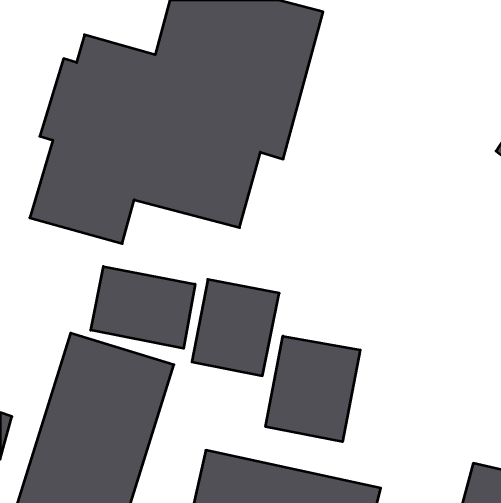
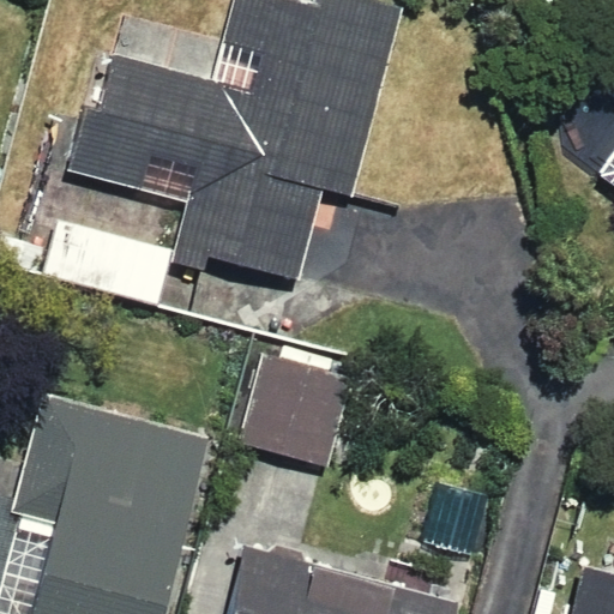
building: [91,266,195,348] -> none
building: [266,336,360,442] -> none

